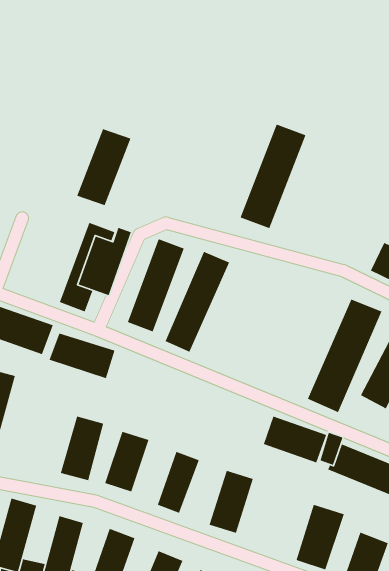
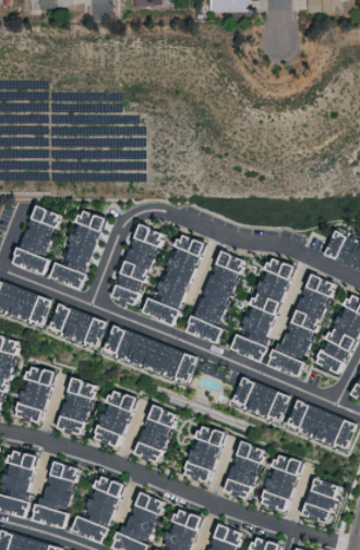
building: [240,123,306,229] -> [189,253,247,344]
building: [76,128,131,206] -> [13,206,61,273]
building: none -> [231,259,293,360]
building: none -> [107,326,195,384]
building: none -> [12,365,51,424]
building: none -> [225,442,265,499]

